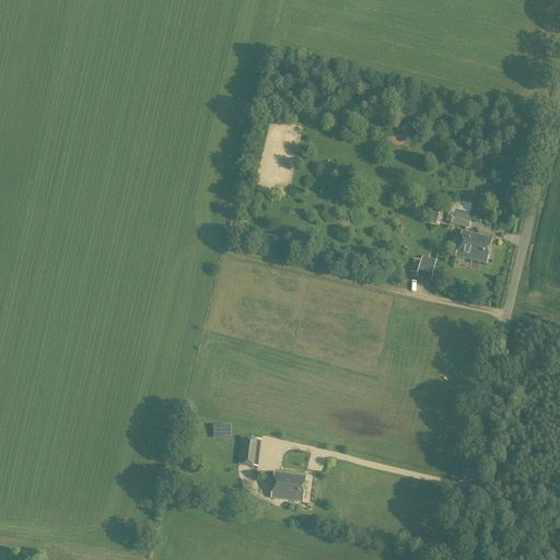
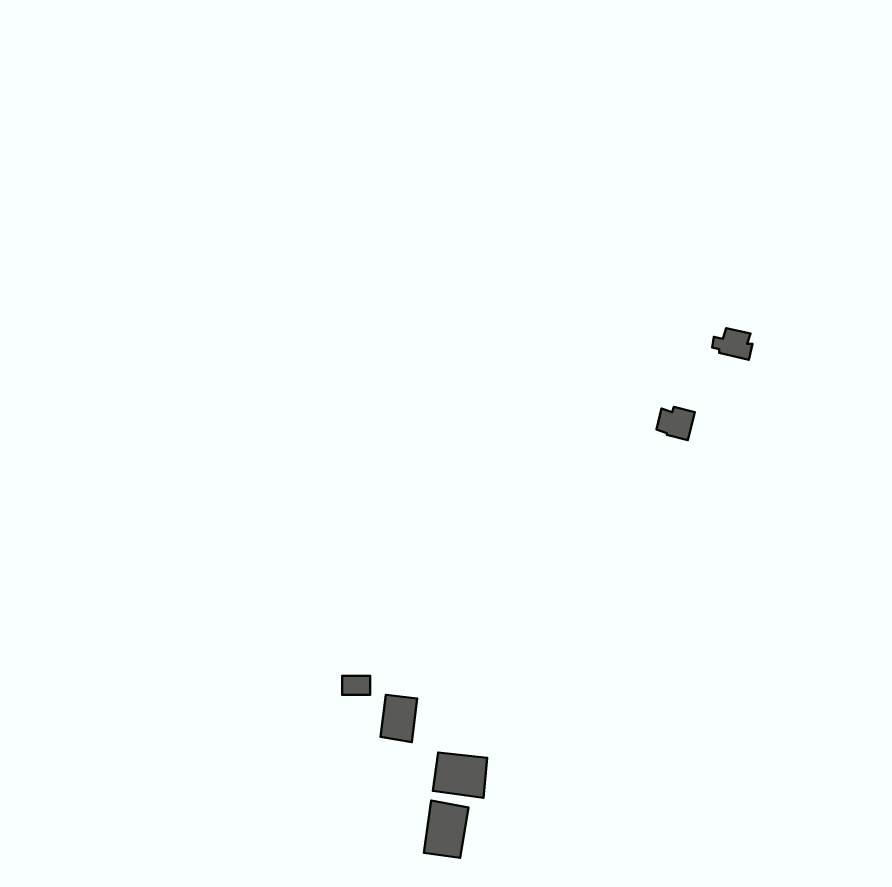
building: [456,230,492,261] -> none
building: none -> [424,800,468,858]

